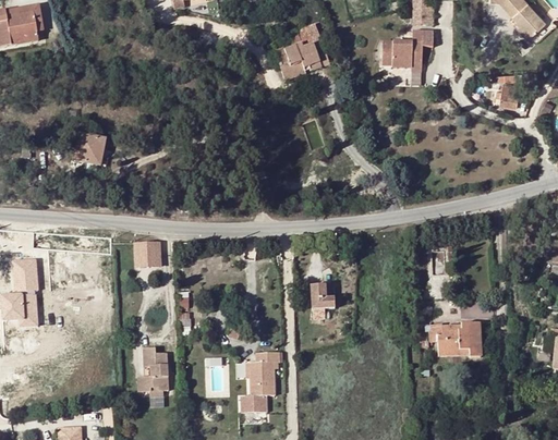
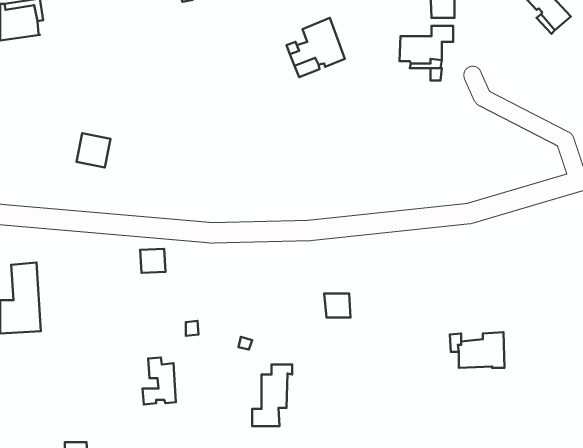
building: [499,81,524,106] -> none

